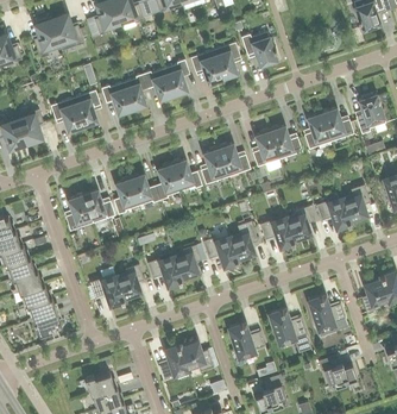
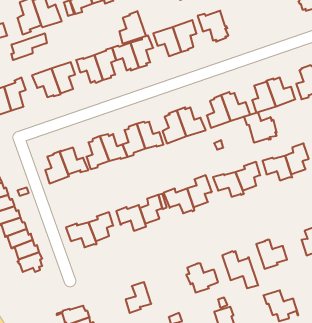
building: none -> [120,11,146,44]
building: none -> [11,33,47,60]
building: none -> [244,112,277,143]
building: [181,343,214,371] -> none

